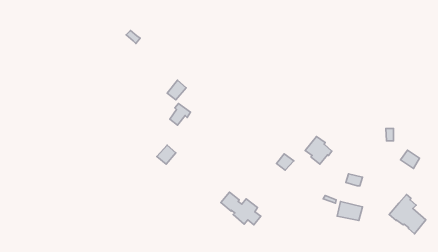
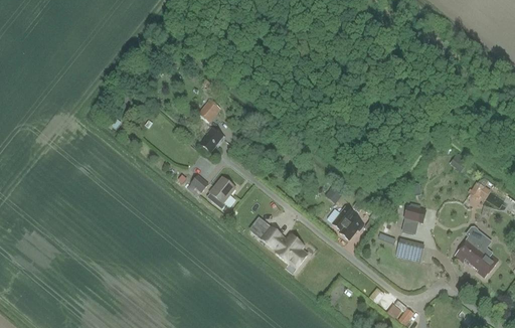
building: [305,136,332,164] -> [332,206,363,238]
building: none -> [209,175,235,201]

